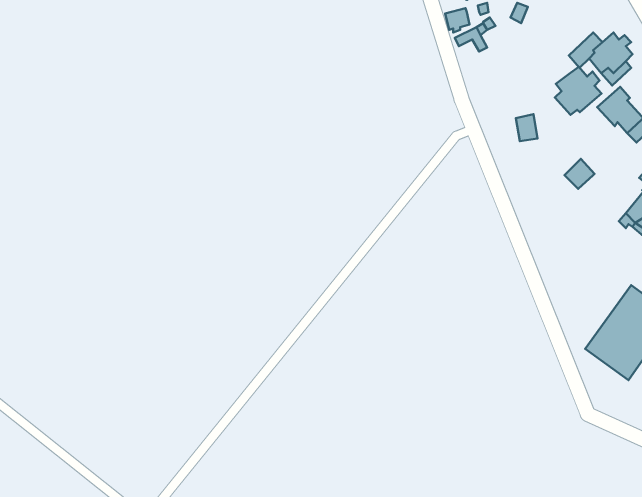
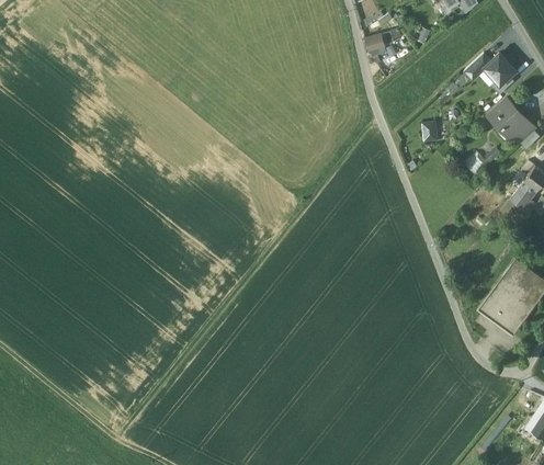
building: [555,67,602,115] -> none

